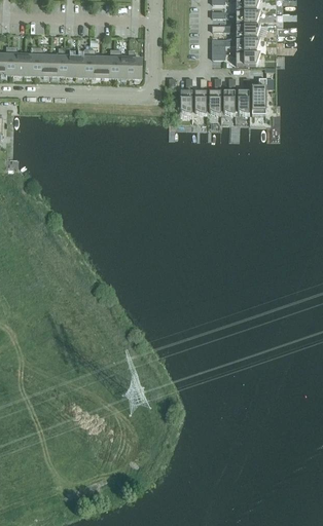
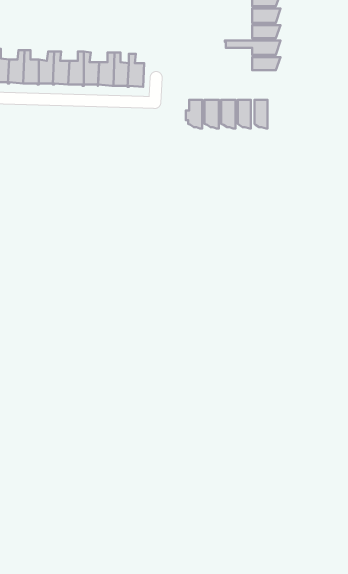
building: [251,78,265,115] -> none

